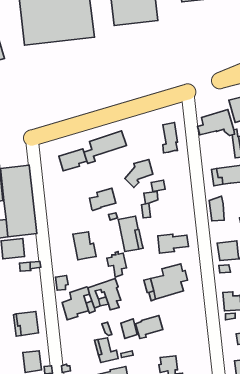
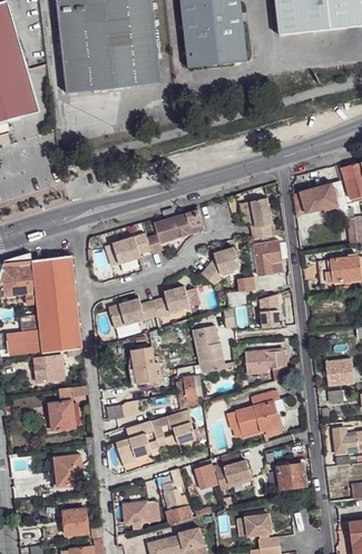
building: none -> [253,241,282,276]
building: [209,196,224,221] -> [258,294,278,327]
building: none -> [107,299,156,328]
building: none -> [46,400,75,429]
building: none -> [276,463,306,489]
building: none -> [123,501,159,530]

